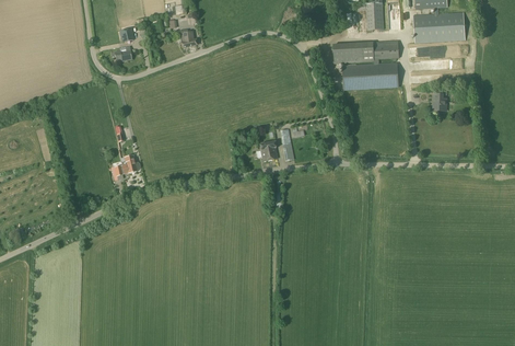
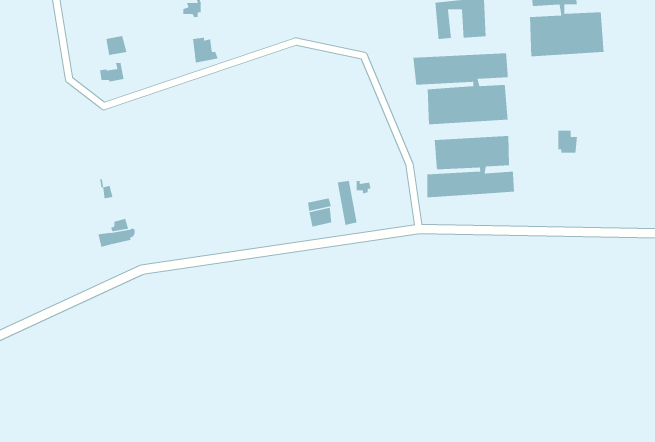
building: none -> [426,135,515,198]

